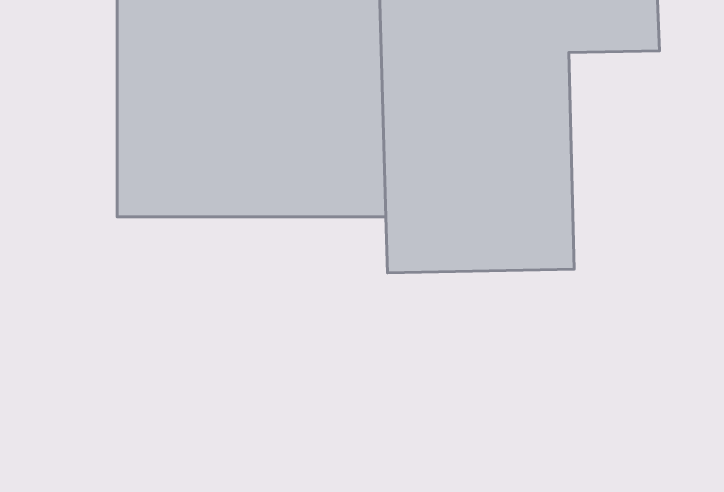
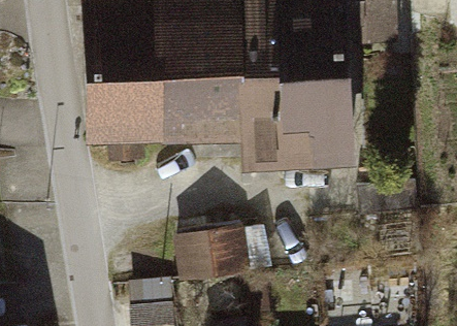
building: none -> [177,228,252,288]

